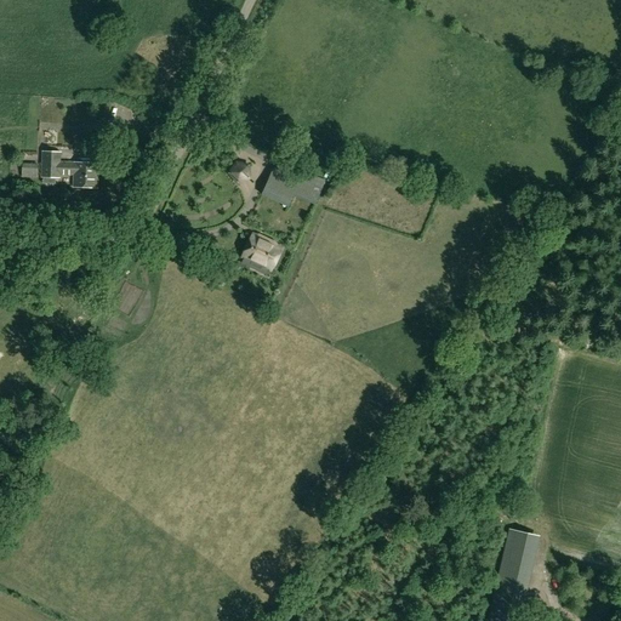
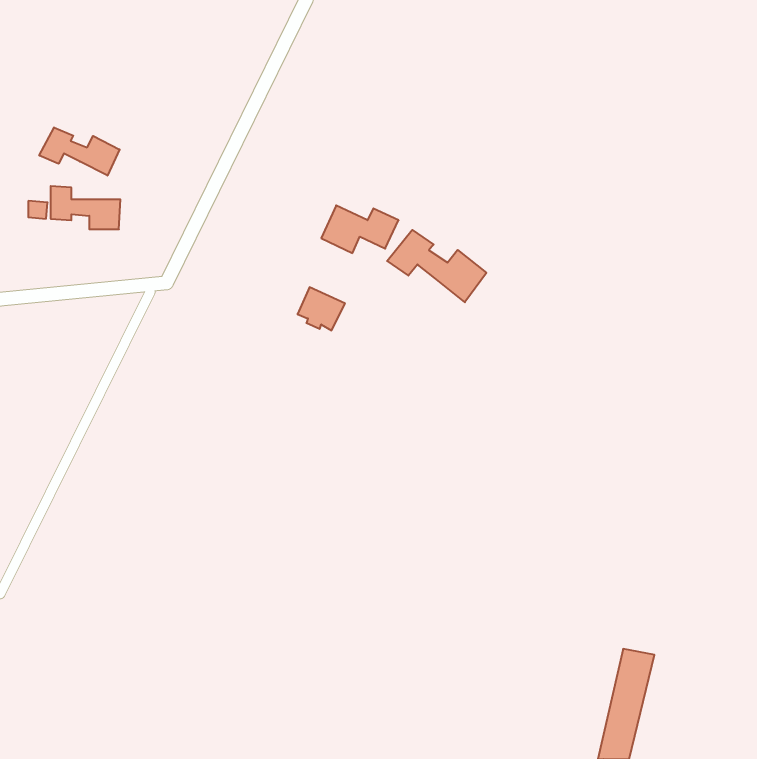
building: none -> [39,127,120,176]
building: none -> [387,230,486,302]

